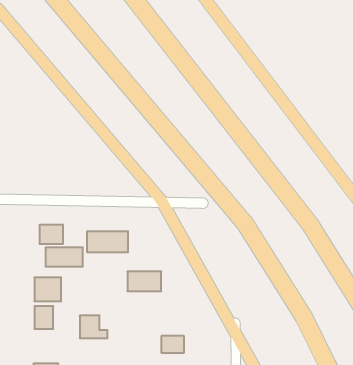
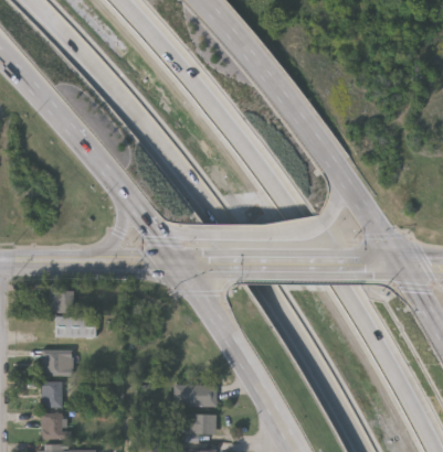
building: [87,231,128,252] -> none
building: [127,271,161,291] -> [176,385,213,407]
building: [80,315,108,338] -> [42,413,73,439]

